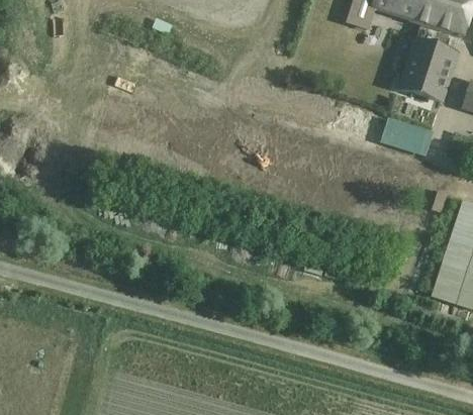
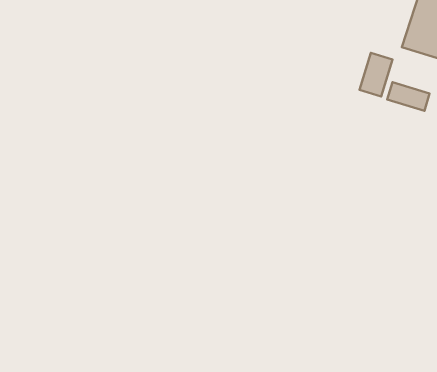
building: none -> [360,53,392,97]

